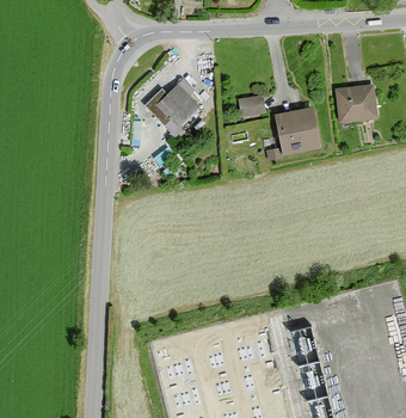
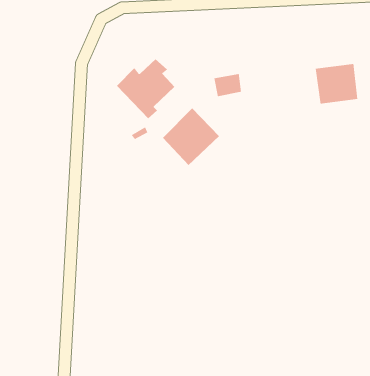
building: [275,106,321,154] -> none
building: none -> [162,108,220,166]

